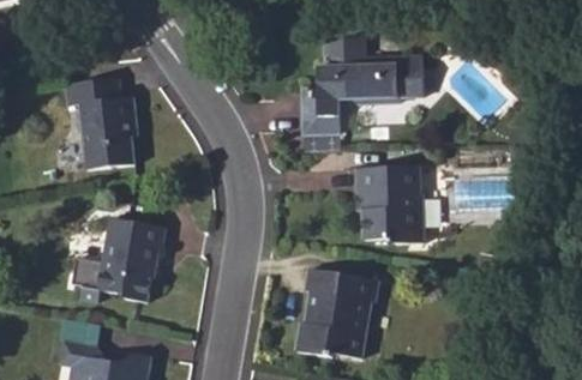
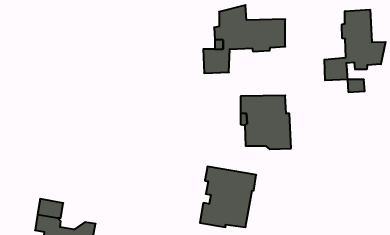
building: none -> [324,10,386,80]
building: [65,82,137,168] -> none
building: [72,218,163,302] -> none

